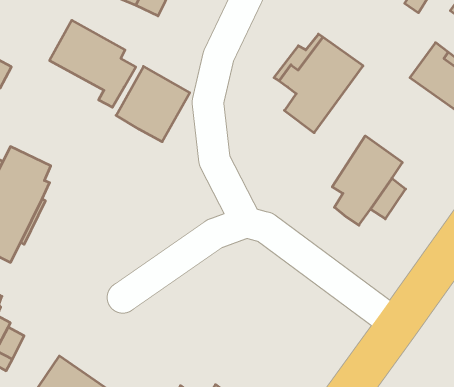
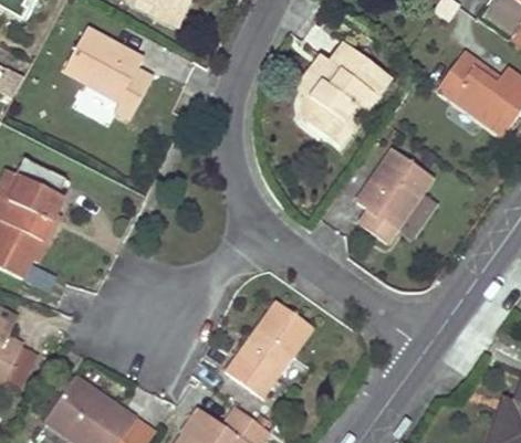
building: [116,66,190,142] -> none
building: none -> [226,298,314,398]

